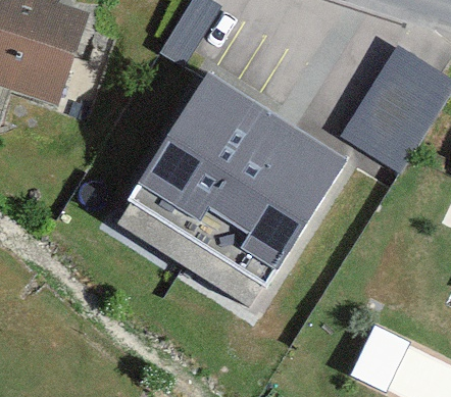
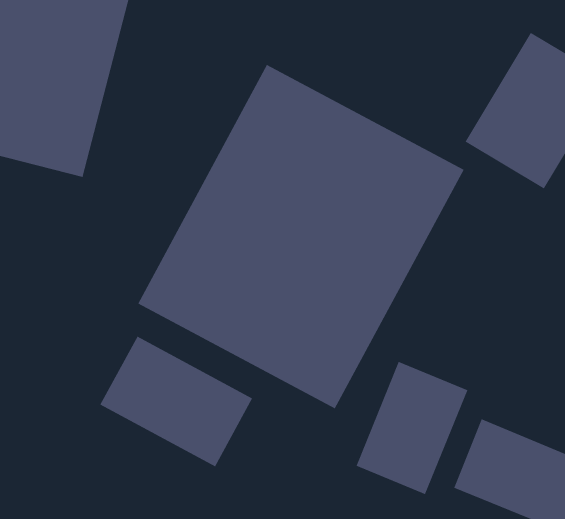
building: none -> [99,335,253,467]
building: none -> [355,361,468,495]

